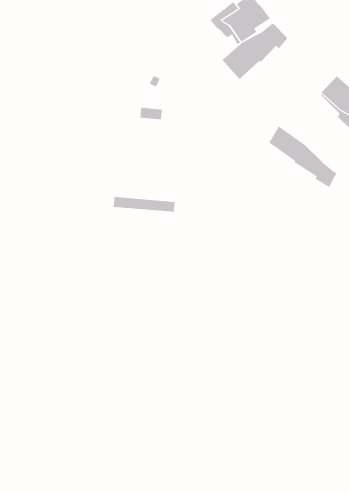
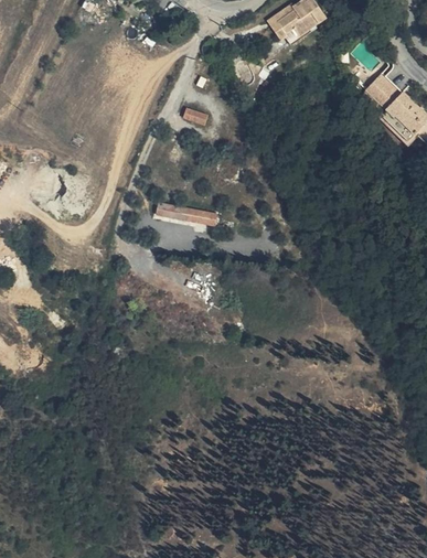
building: [222,22,288,80] -> none
building: [268,126,337,188] -> none

